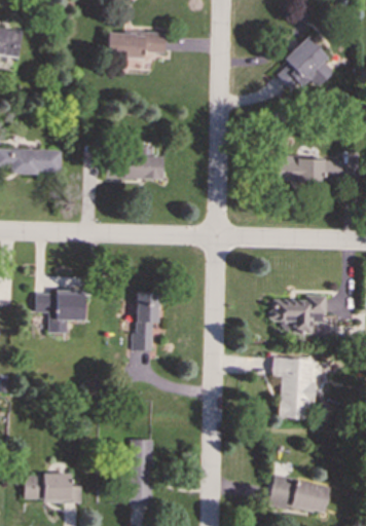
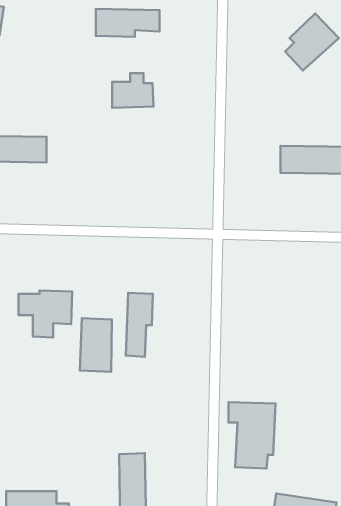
building: [124,147,162,179] -> [112,73,154,108]
building: [268,294,326,333] -> none
building: none -> [80,318,112,372]
building: [271,358,315,418] -> [228,402,276,468]

